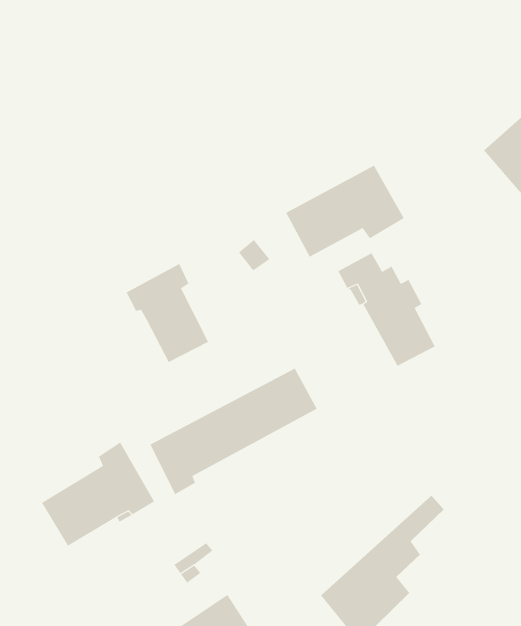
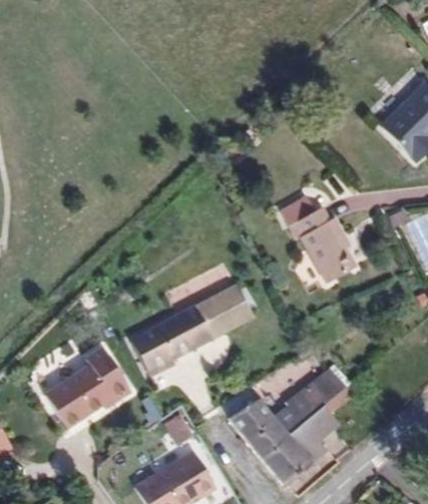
building: [286,165,405,258] -> none
building: [126,263,209,363] -> none
building: none -> [229,365,345,457]

